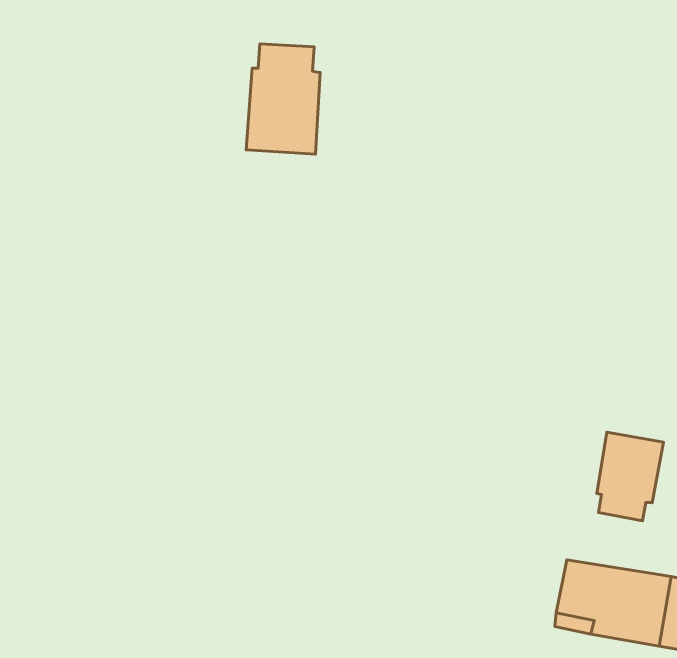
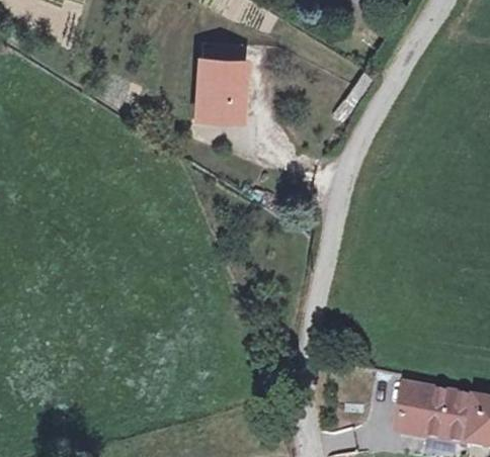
building: [597,432,663,521] -> none

